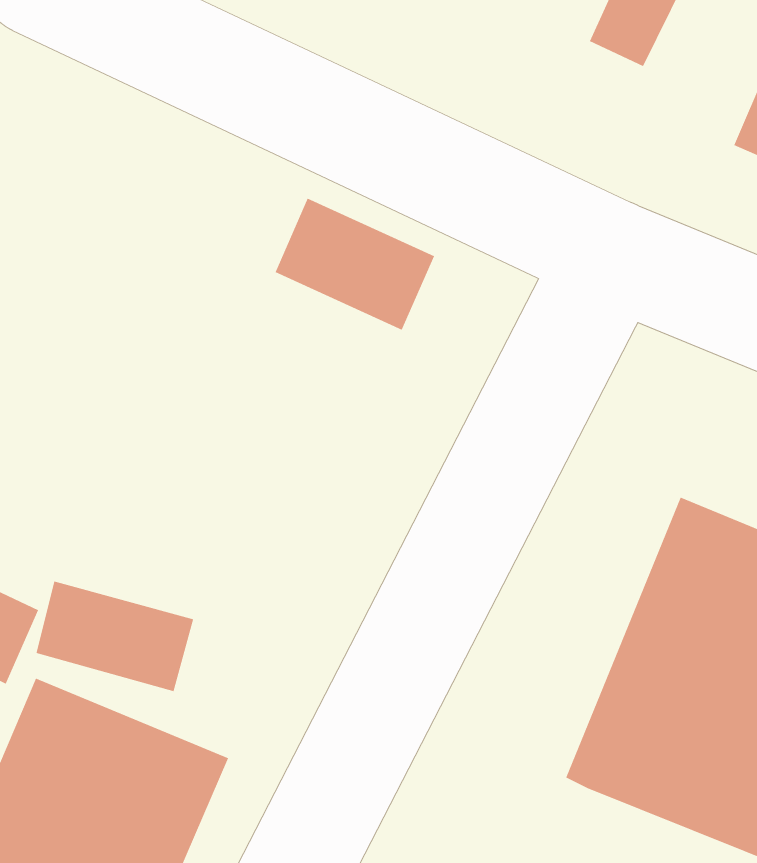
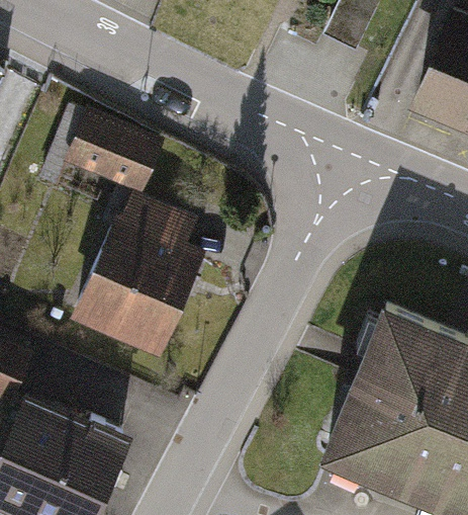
building: [274,197,435,331] -> [72,122,161,196]
building: none -> [66,206,207,365]

